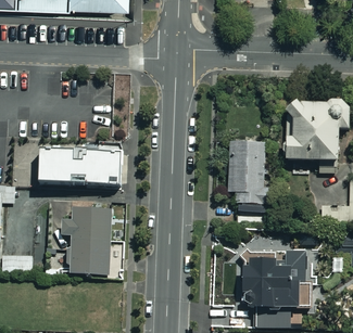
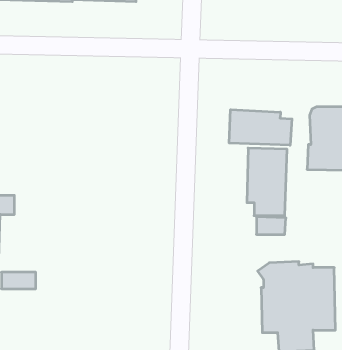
building: none -> [229,110,292,145]
building: [39,144,128,187] -> none
building: [62,209,112,277] -> none

